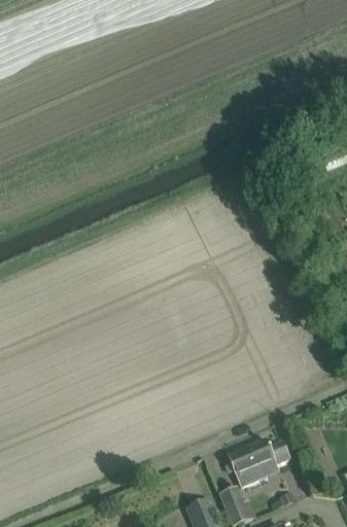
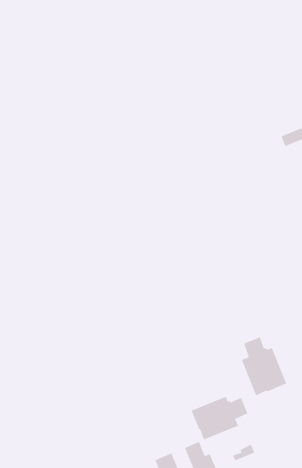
building: none -> [241,337,287,396]

